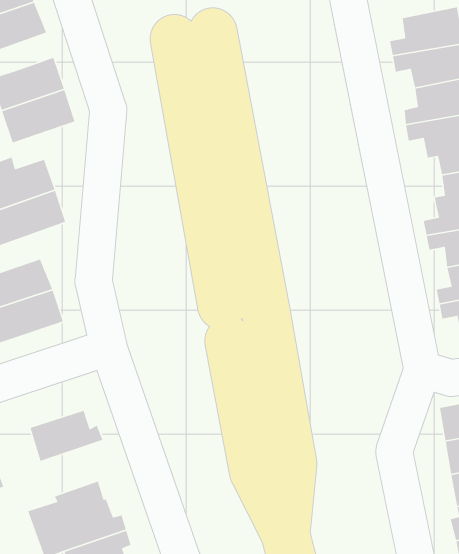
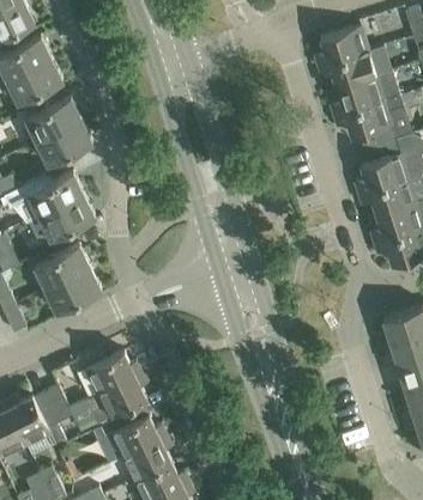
building: none -> [86,372,147,423]

